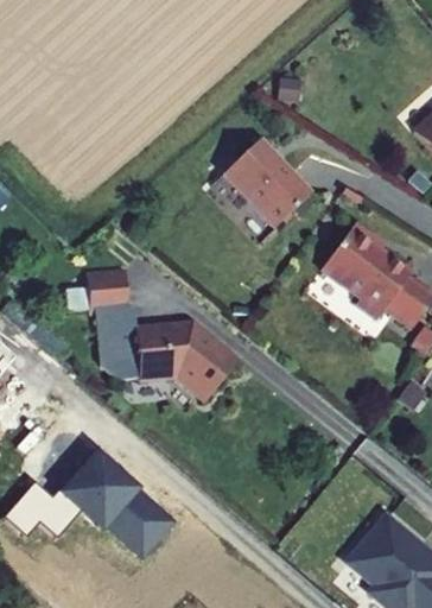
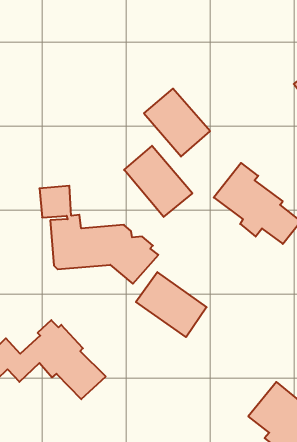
building: none -> [124,146,192,217]
building: none -> [136,272,207,337]

